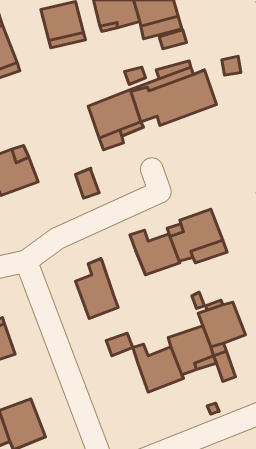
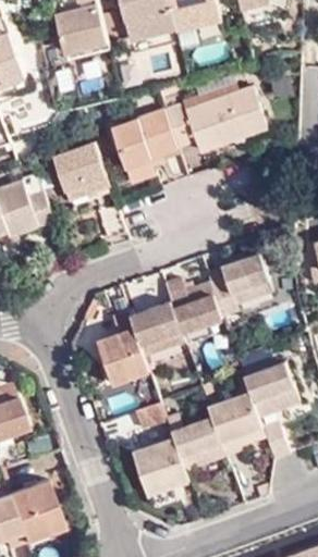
building: none -> [52,143,109,202]
building: none -> [130,302,183,356]
building: none -> [133,438,188,496]

